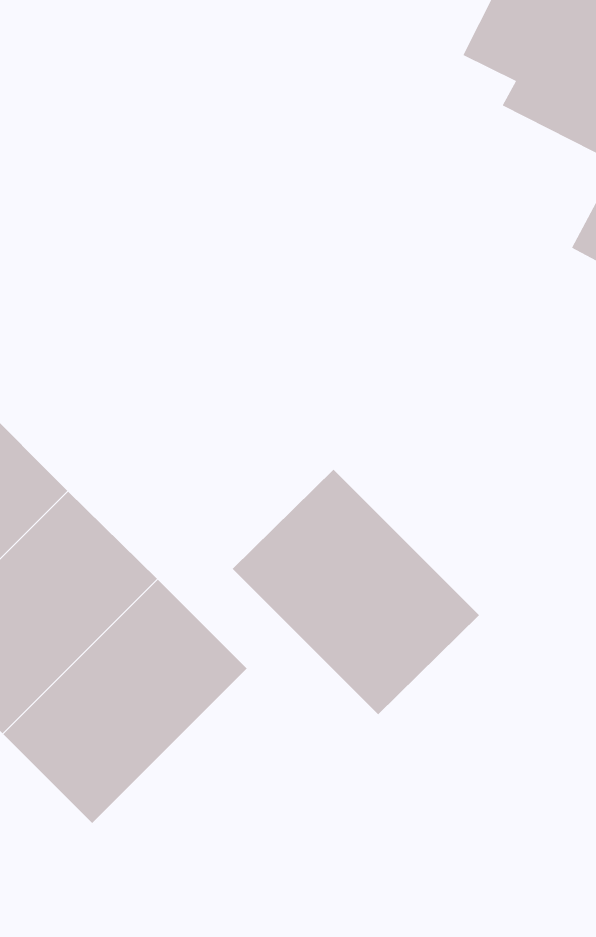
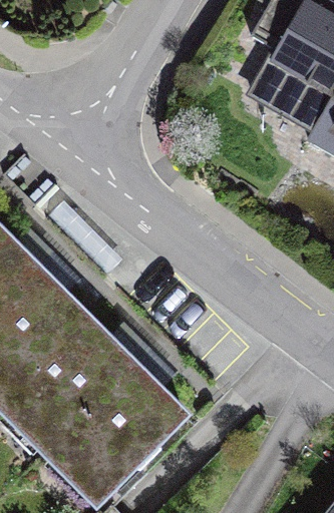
building: [232,469,480,715] -> none
building: none -> [50,367,183,500]

